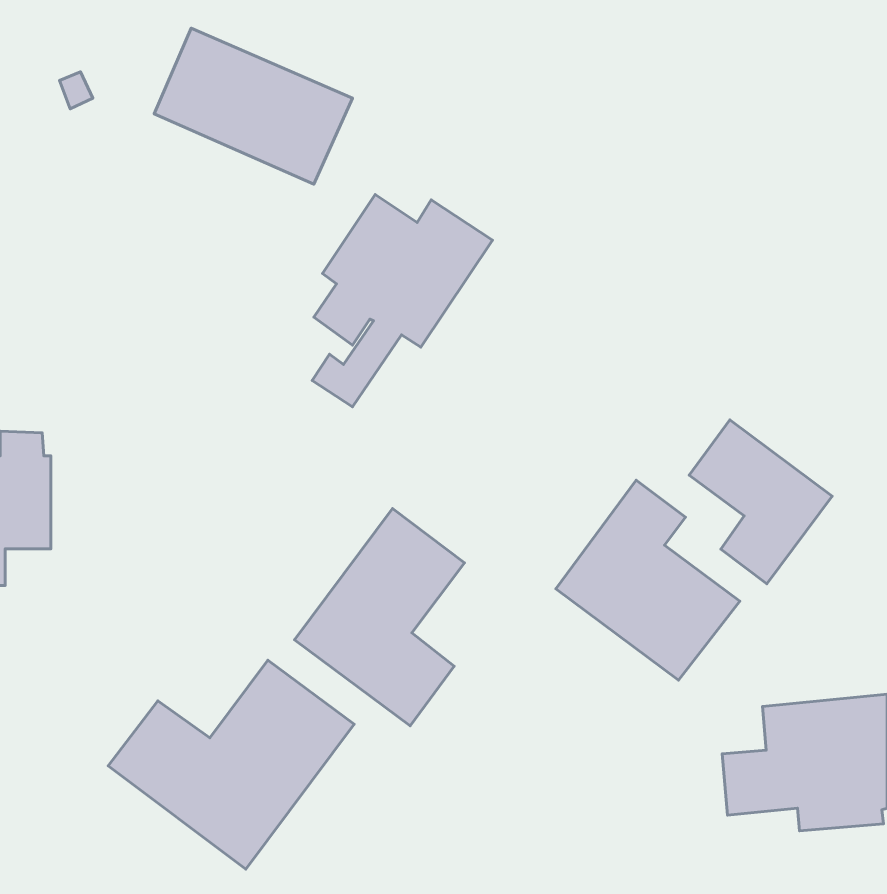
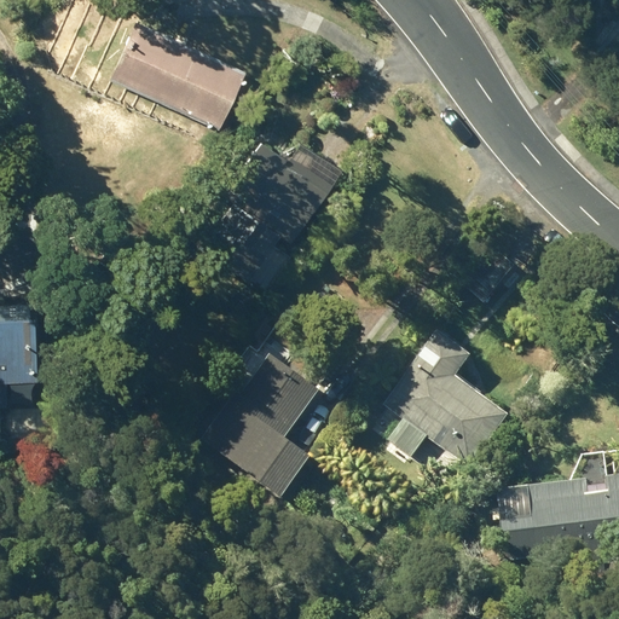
building: [689,420,832,584] -> none
building: [108,660,354,869] -> none

